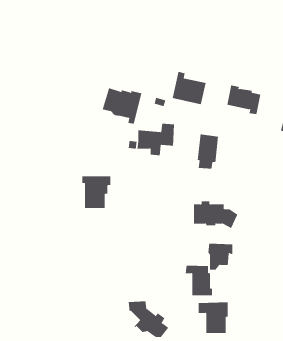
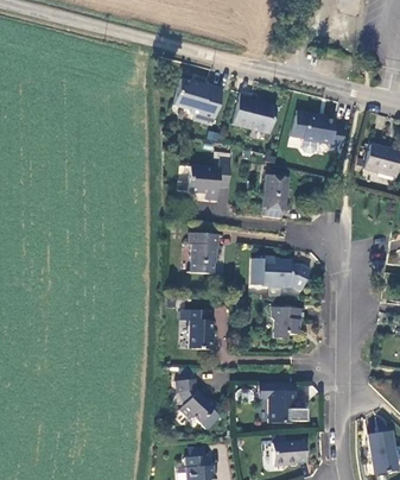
building: [102,88,142,124] -> [171,77,221,122]
building: [81,176,111,209] -> [184,233,221,273]
building: [185,265,213,296] -> [182,310,216,348]

